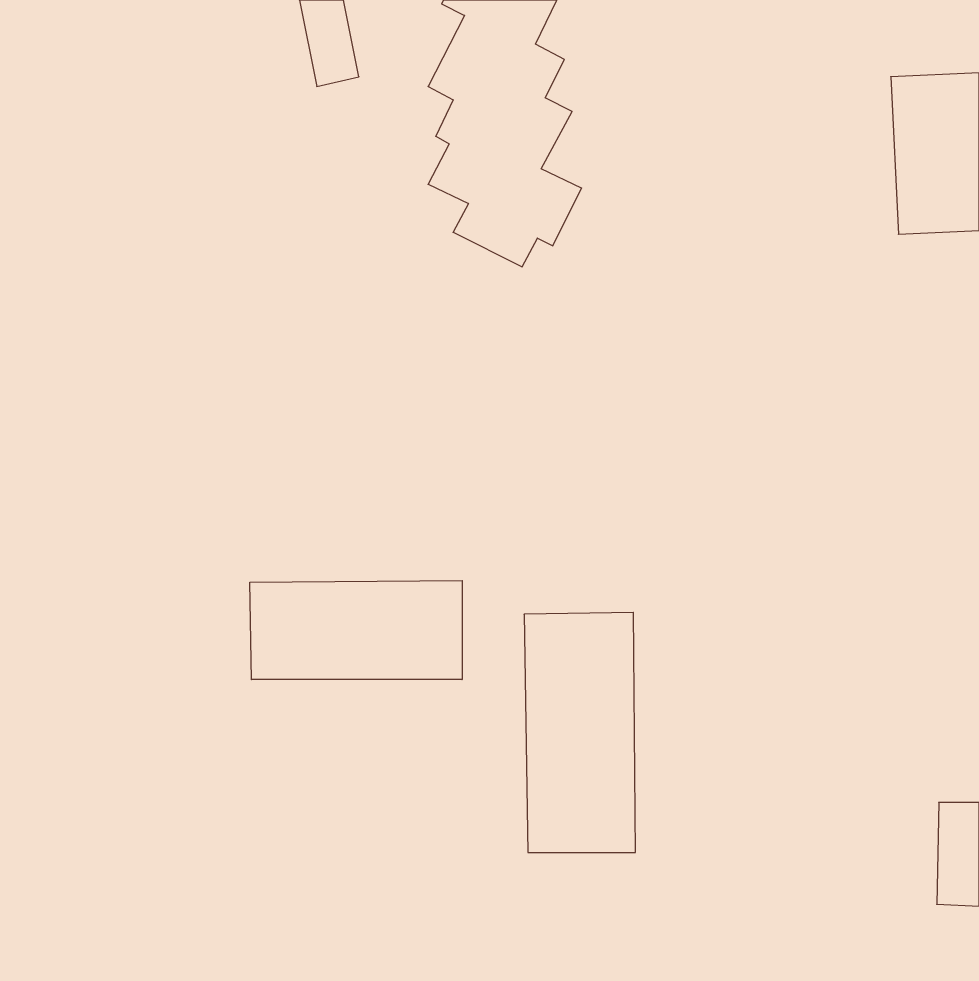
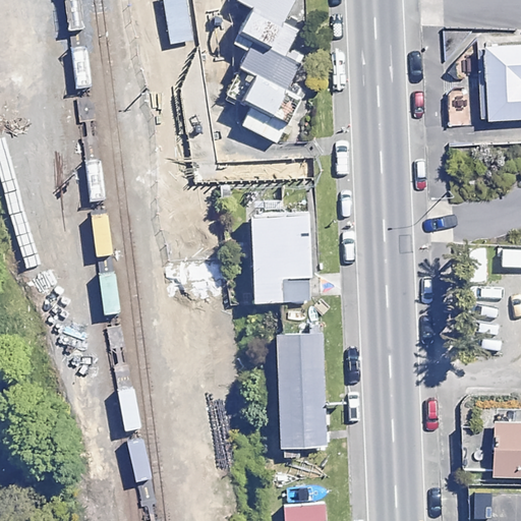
building: none -> [249,201,320,294]
building: [250,581,462,680] -> none

